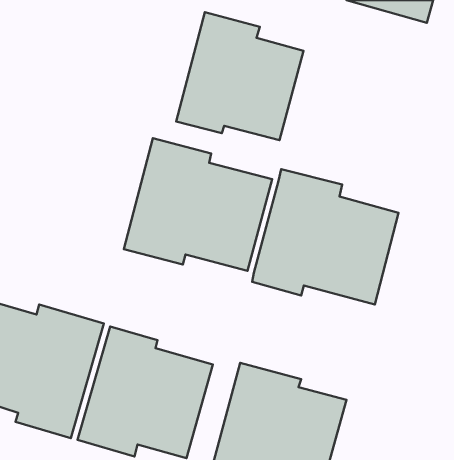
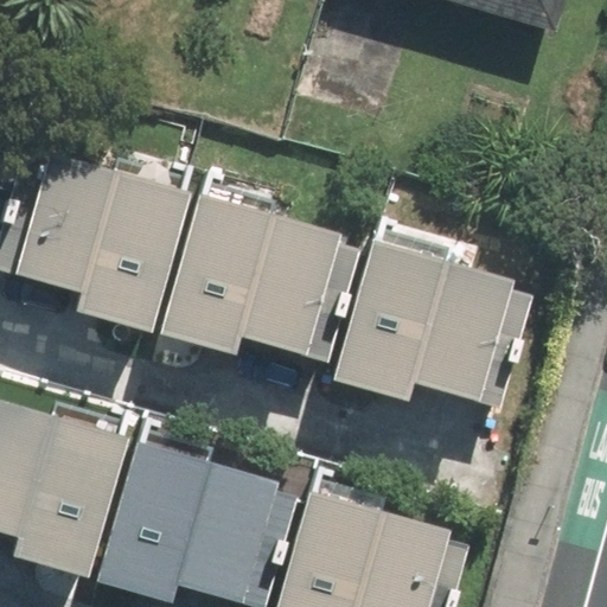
building: [176,12,304,140] -> none
building: none -> [18,160,199,331]

